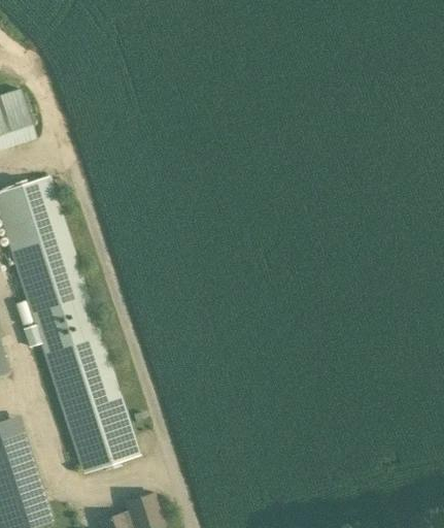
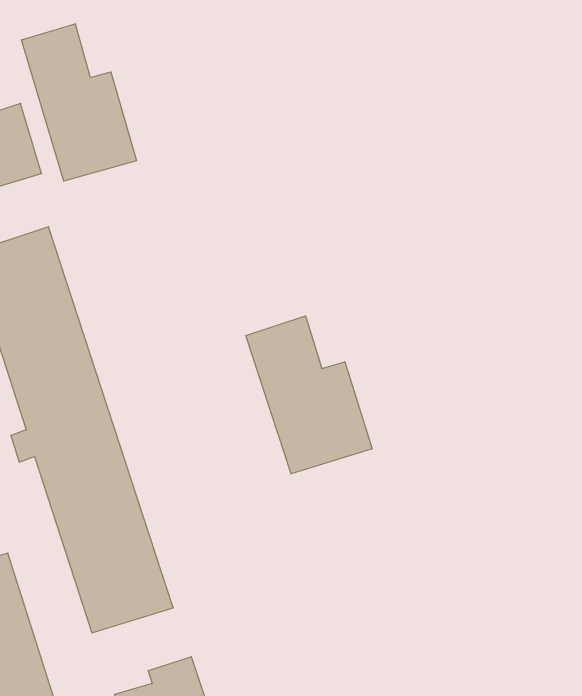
building: none -> [21,24,137,181]
building: none -> [246,316,372,474]

